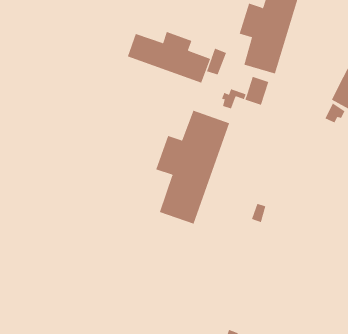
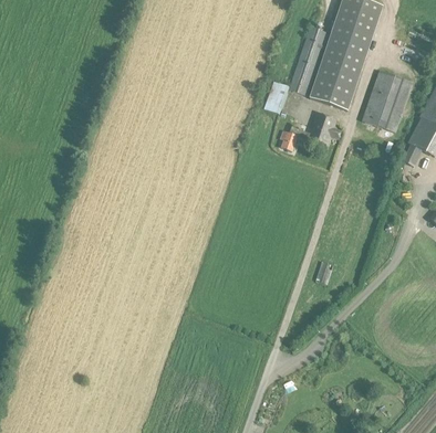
building: [127,31,211,84] -> none
building: none -> [363,70,414,133]
building: [156,110,230,224] -> none

